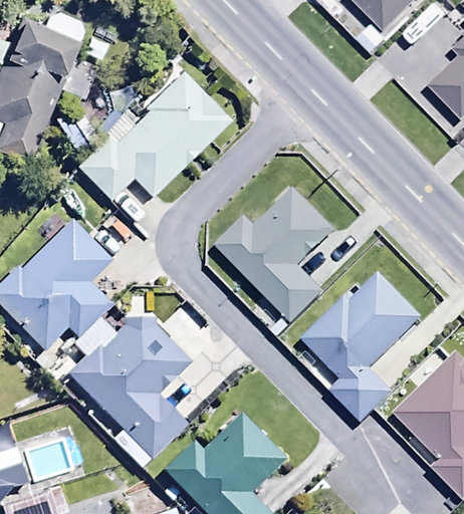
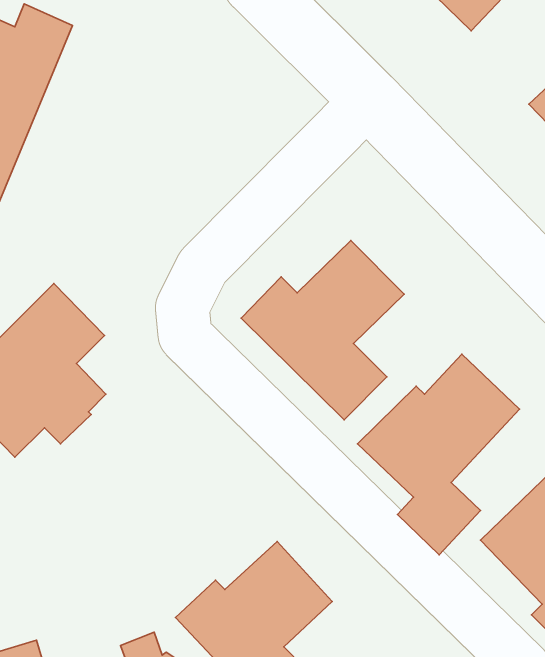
building: [76,71,230,200] -> none
building: [66,317,190,469] -> none

